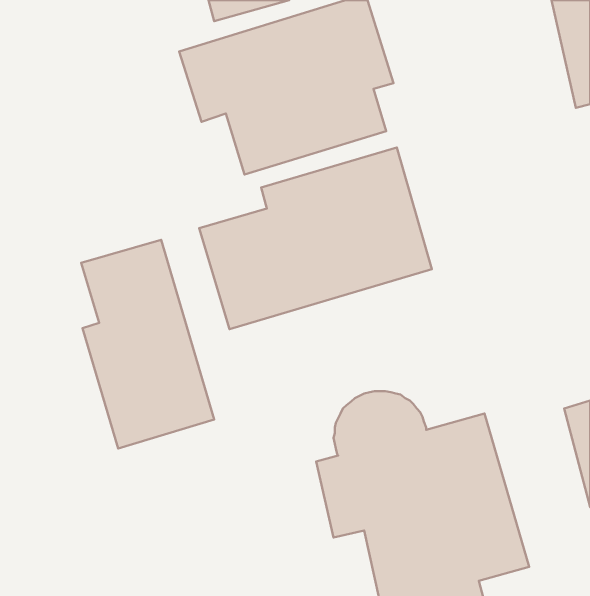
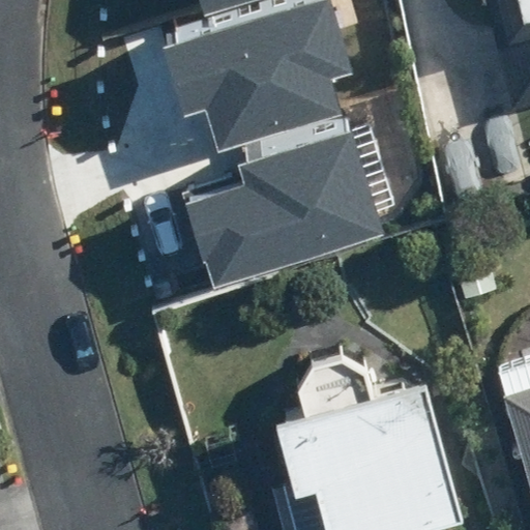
building: [81,240,214,449] -> none

